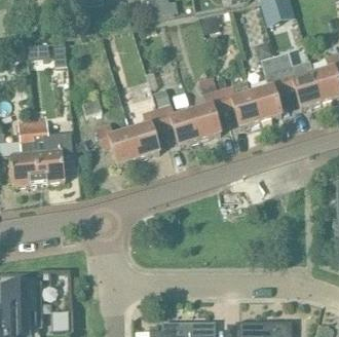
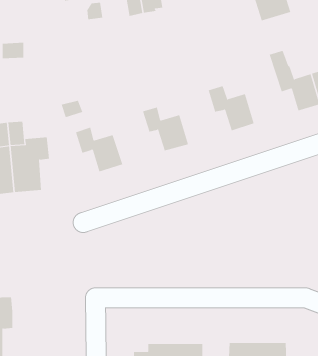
building: [253,54,286,118] -> none
building: [192,87,224,138] -> none
building: [130,107,163,156] -> none

